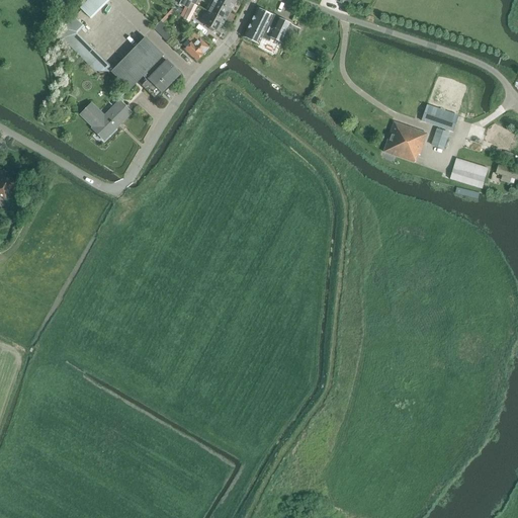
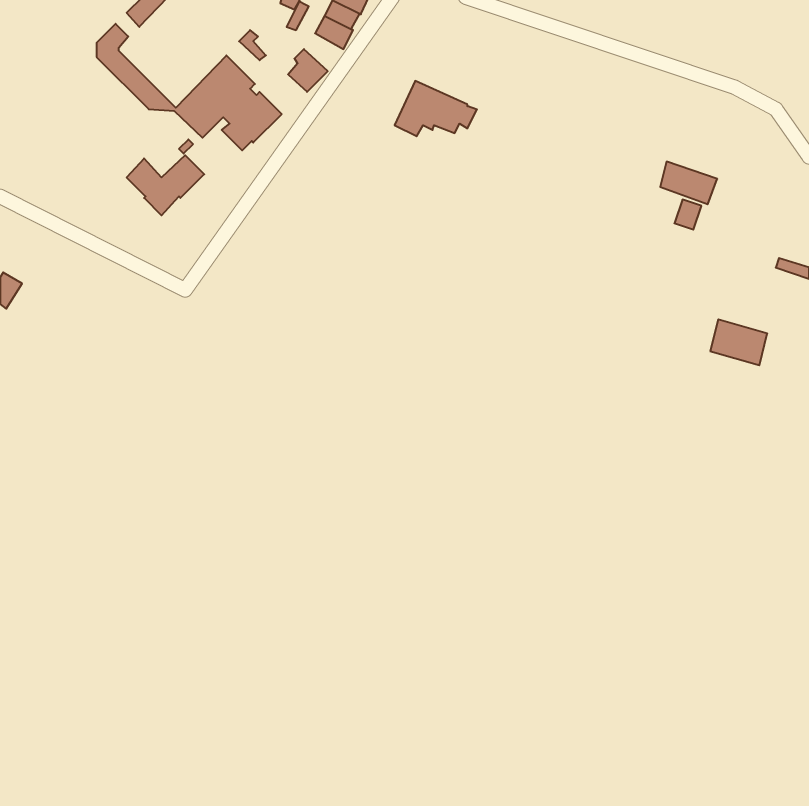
building: [244,7,296,42] -> [395,81,477,136]
building: [383,120,427,160] -> none
building: [450,157,487,186] -> [710,319,767,365]

